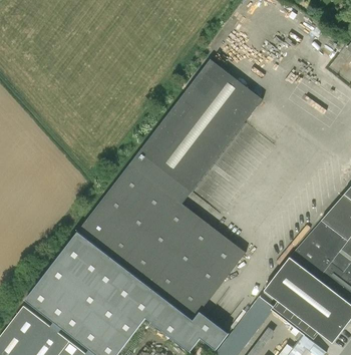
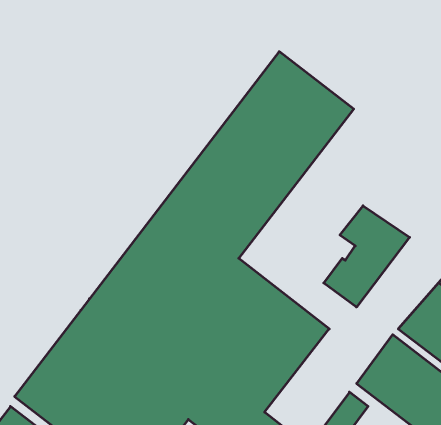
building: none -> [324,206,410,307]

